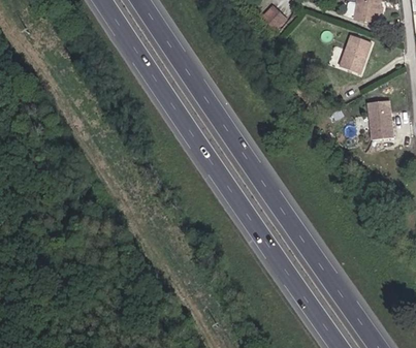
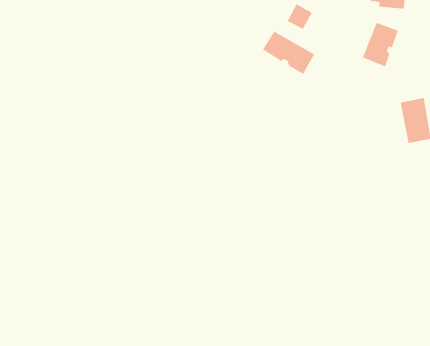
building: none -> [262,31,315,75]

